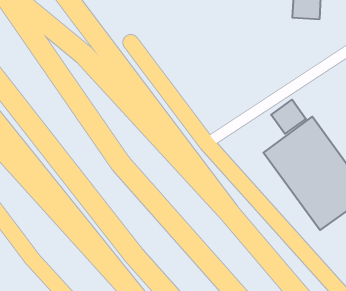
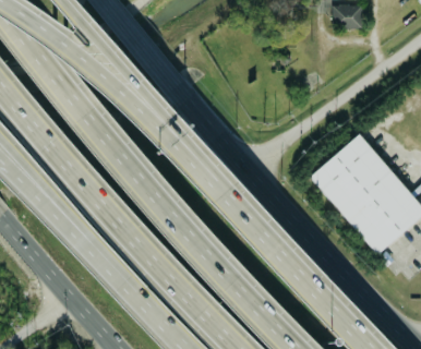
building: [271,100,306,134] -> none

